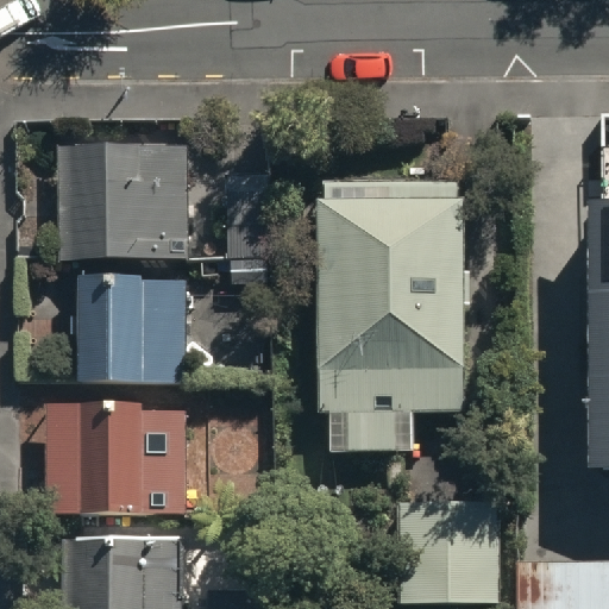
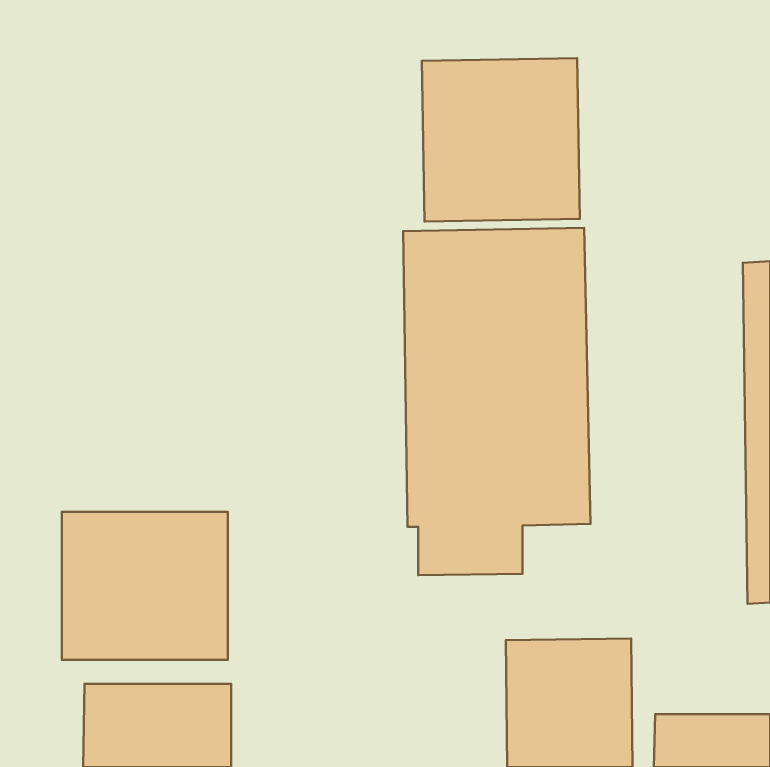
building: none -> [422,58,580,222]
building: [59,139,182,260] -> none
building: [83,277,182,382] -> none

